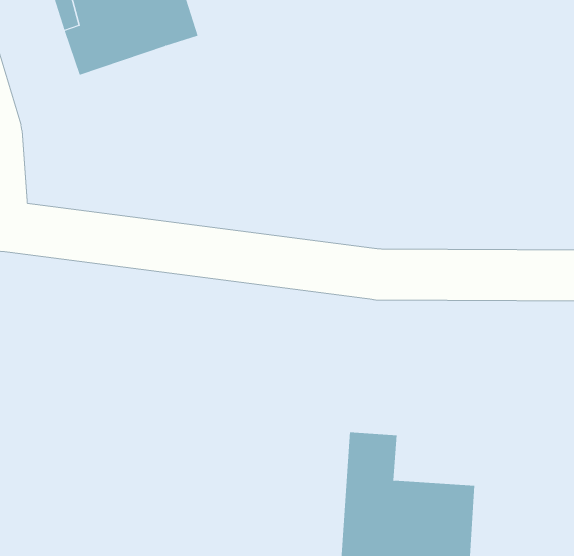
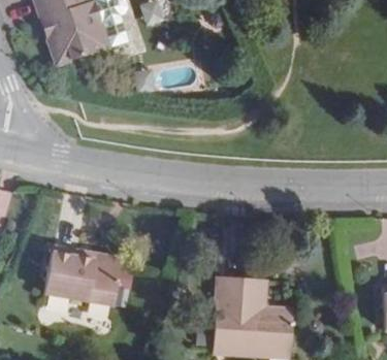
building: none -> [43,252,121,304]

